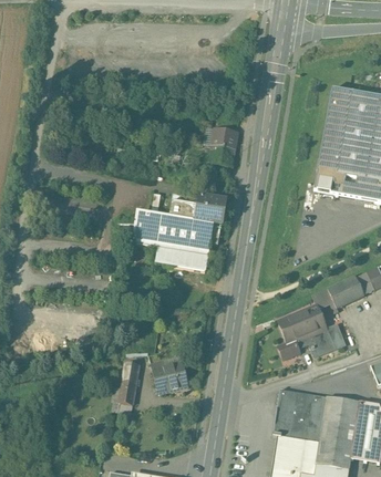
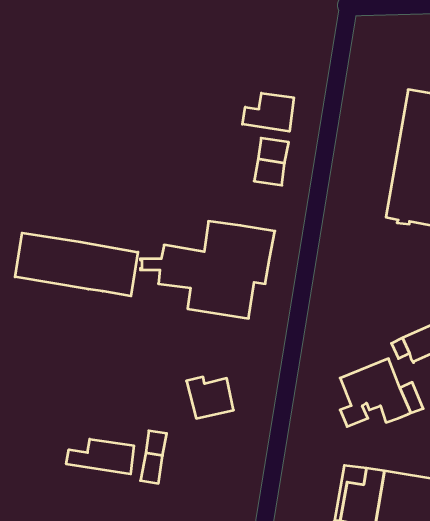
building: none -> [242,93,294,131]
building: none -> [15,233,138,296]
building: [151,359,188,392] -> [186,377,234,418]
building: none -> [66,439,134,474]

